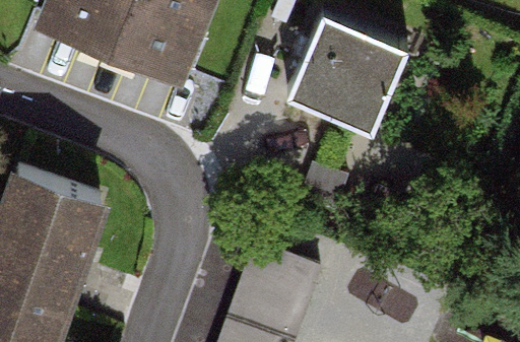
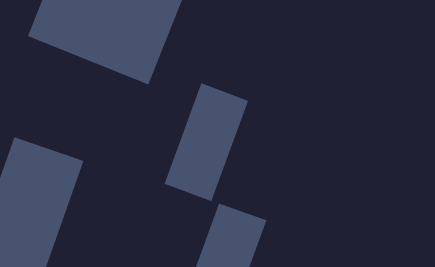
building: [271,10,386,126] -> none
building: none -> [164,82,249,202]

